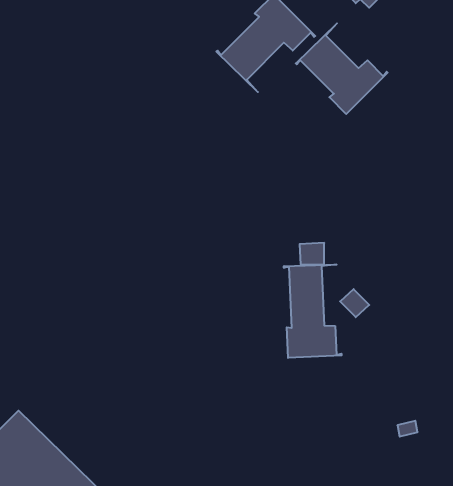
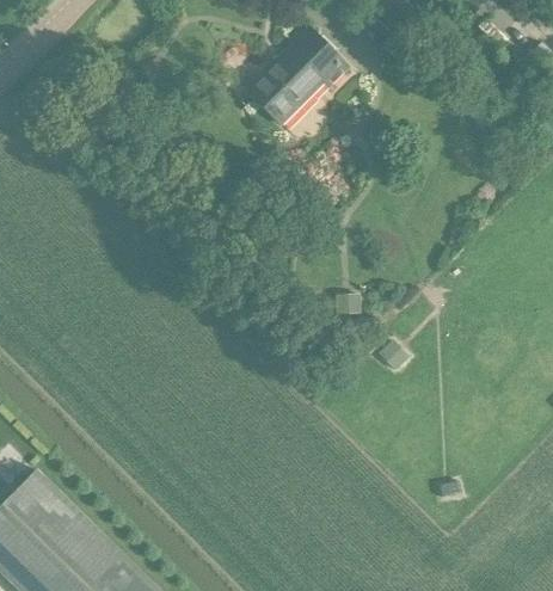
building: [296,23,388,114] -> none
building: [284,265,342,358] -> none

